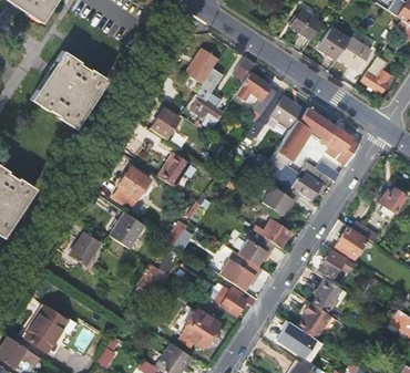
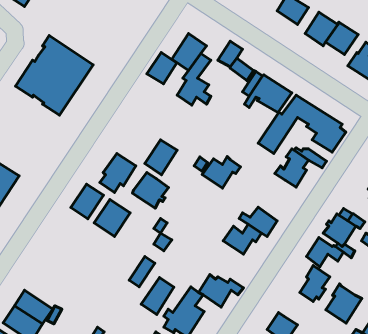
building: [151,108,181,139] -> [147,53,177,84]
building: [260,184,298,215] -> [202,157,240,188]
building: none -> [132,172,168,208]
building: [70,232,102,267] -> [71,184,103,219]
building: [219,252,262,291] -> none
building: none -> [141,277,174,314]
building: [297,302,332,341] -> [326,284,362,323]

